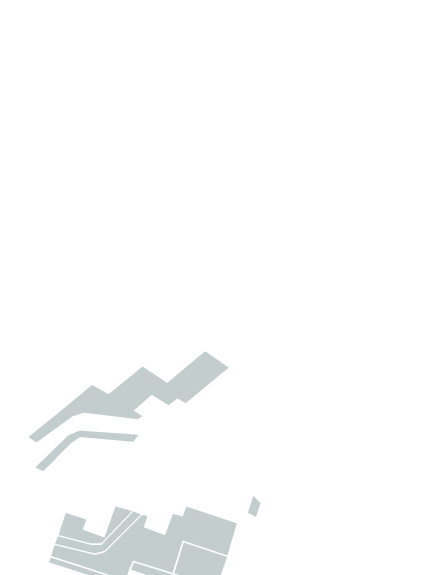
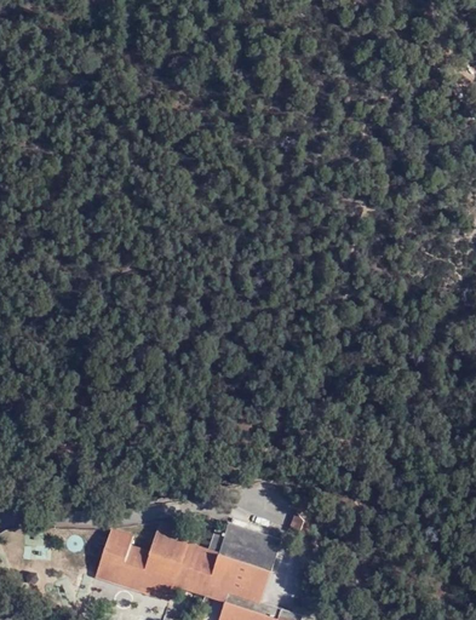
building: [27,350,230,443] -> none
building: [34,430,140,472] -> none

